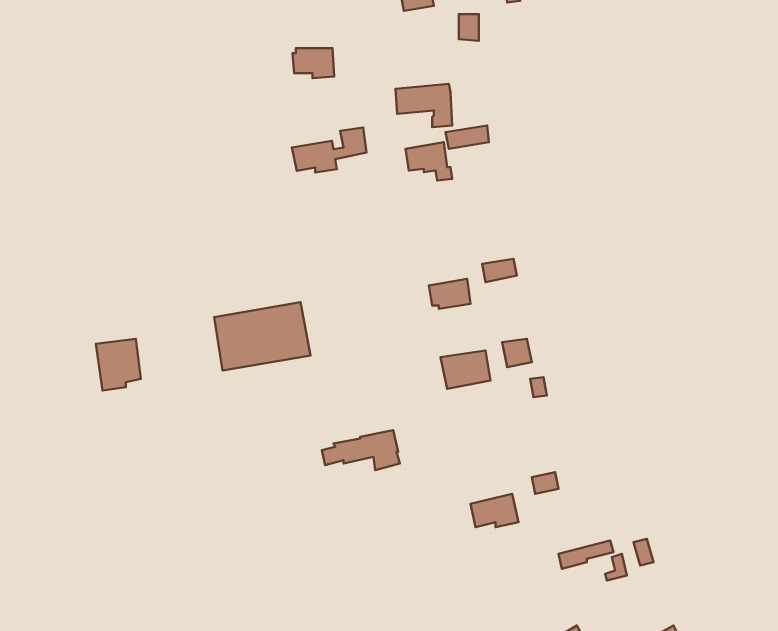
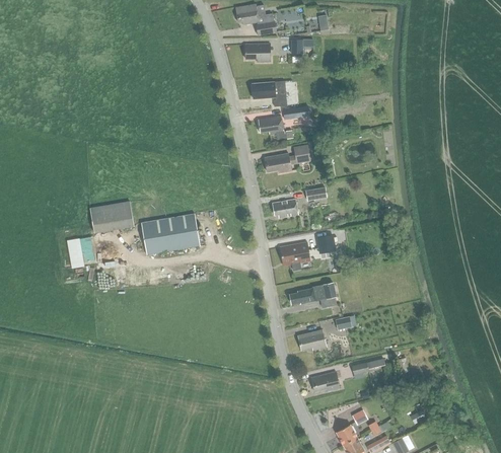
building: [292,48,334,78] -> [244,44,270,62]
building: [292,127,367,172] -> [264,145,309,172]
building: none -> [89,202,134,232]
building: [322,430,400,470] -> [289,283,337,307]
building: none -> [310,371,339,392]

